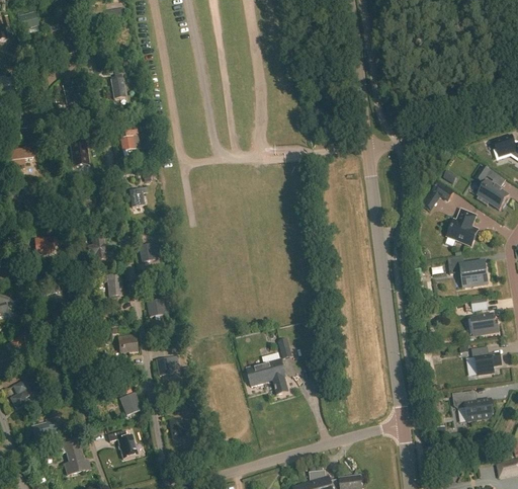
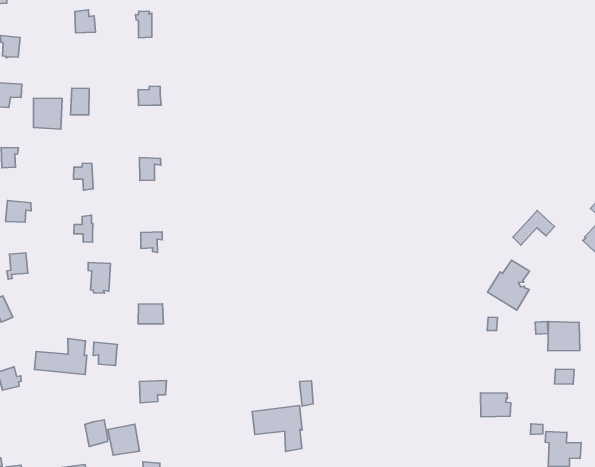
building: none -> [33,98,62,129]
building: [447,209,479,246] -> [488,260,530,310]
building: [472,314,498,335] -> [481,393,511,417]
building: none -> [34,339,87,374]
building: none -> [108,424,140,455]

